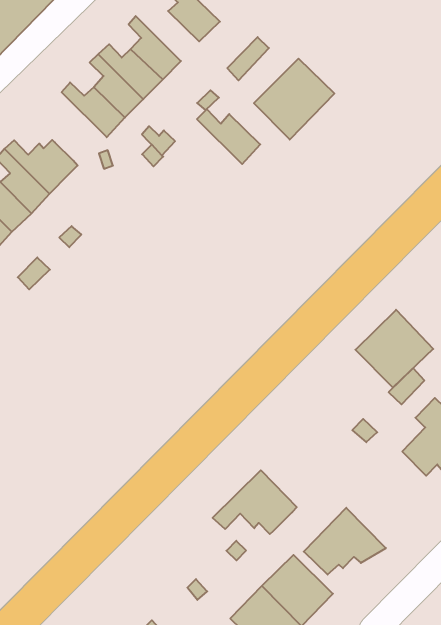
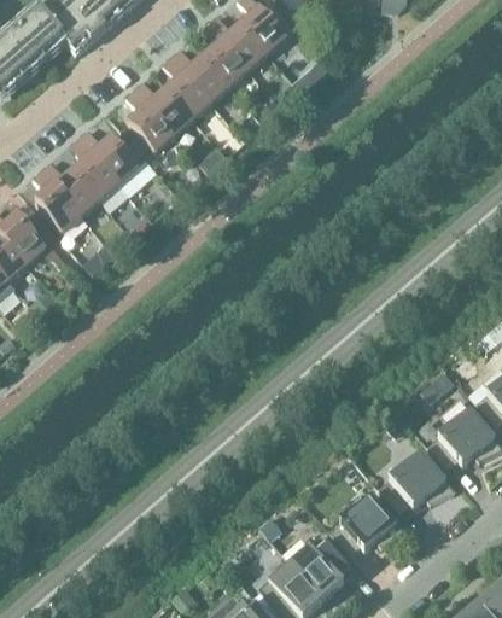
building: [254,59,334,140] -> none
building: none -> [128,89,176,153]
building: [197,109,260,164] -> [211,16,268,69]
building: [355,310,433,387] -> none
building: none -> [378,450,455,511]
building: [213,470,297,534] -> none

